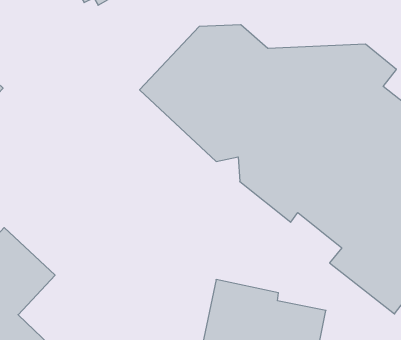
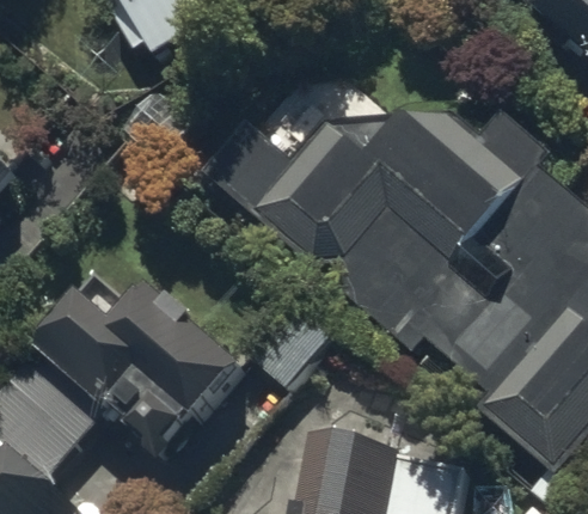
building: none -> [31,283,234,445]

